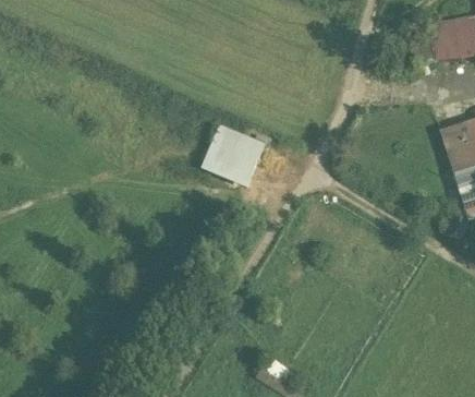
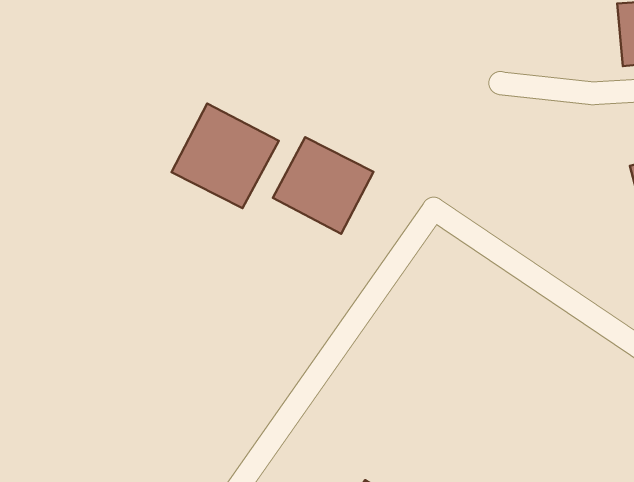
building: none -> [172,103,279,208]

